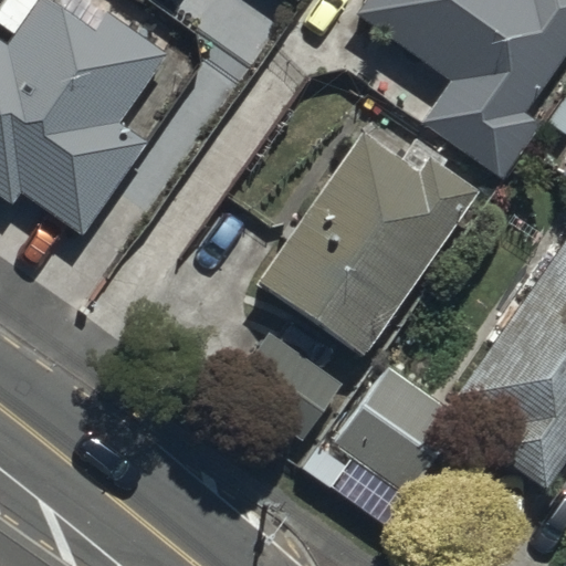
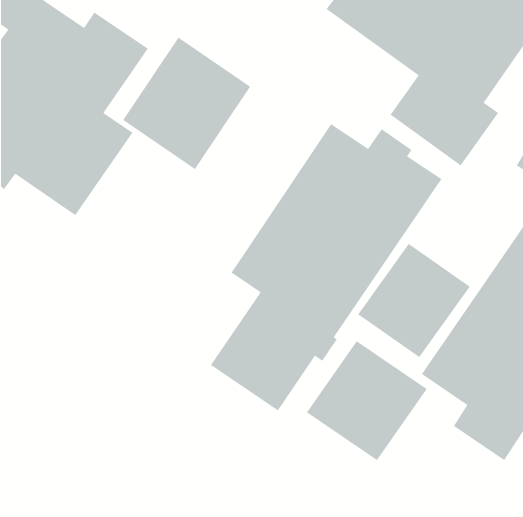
building: none -> [122,36,251,170]
building: none -> [357,243,471,358]

